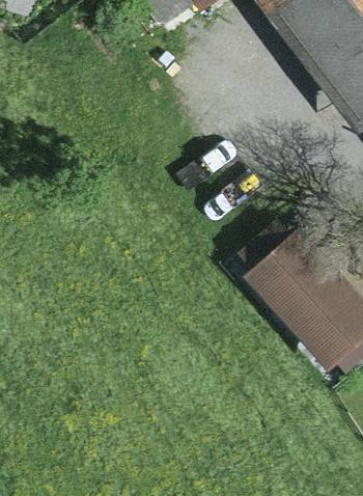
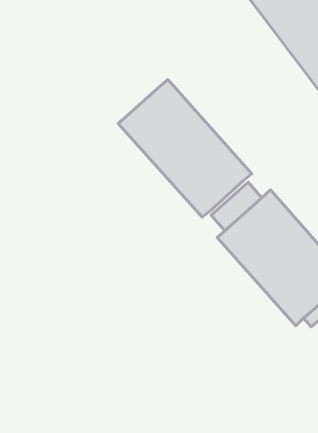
building: none -> [118,79,252,217]

